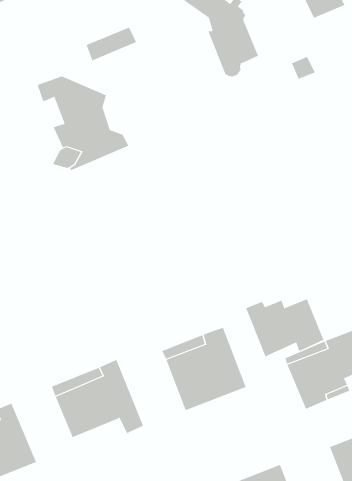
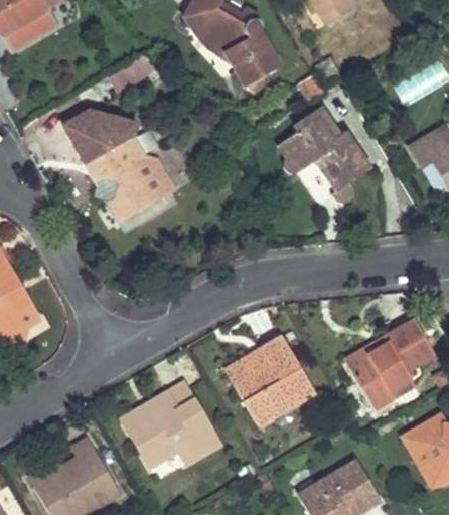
building: none -> [282,120,369,205]
building: none -> [113,171,176,219]
building: [245,298,324,357] -> none

